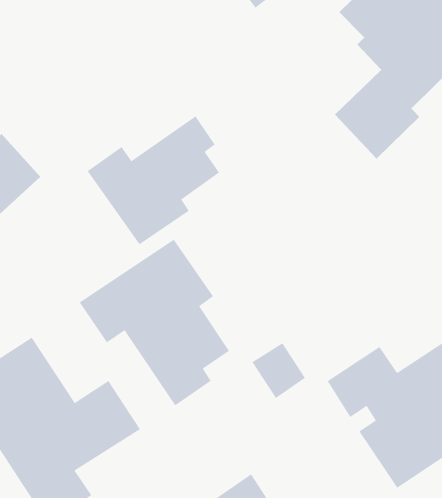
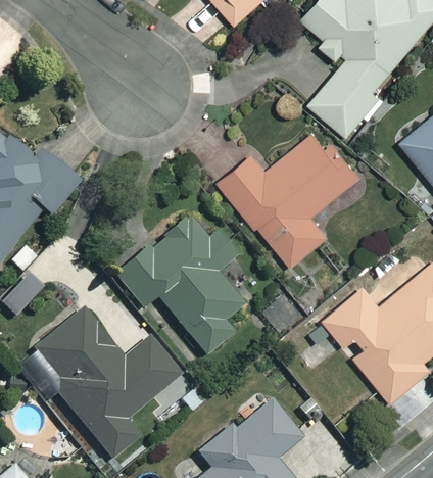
building: [87,115,220,245] -> none
building: none -> [220,128,359,266]

